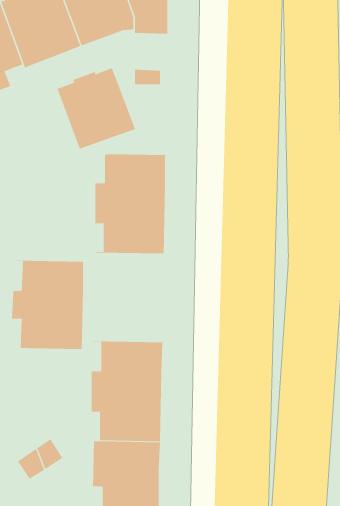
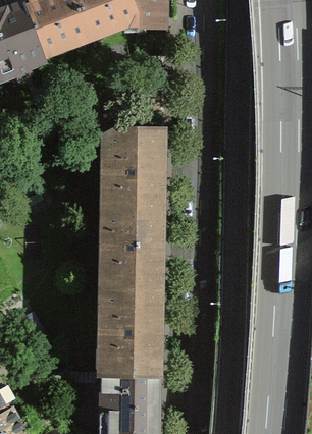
building: [57,67,136,150] -> none
building: [11,260,84,350] -> [99,216,160,291]

